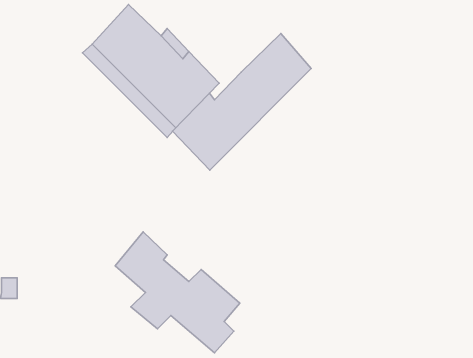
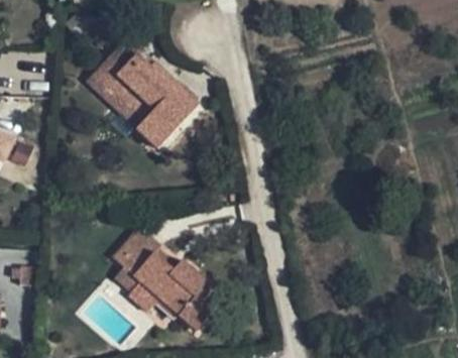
building: [173,34,311,170] -> none

